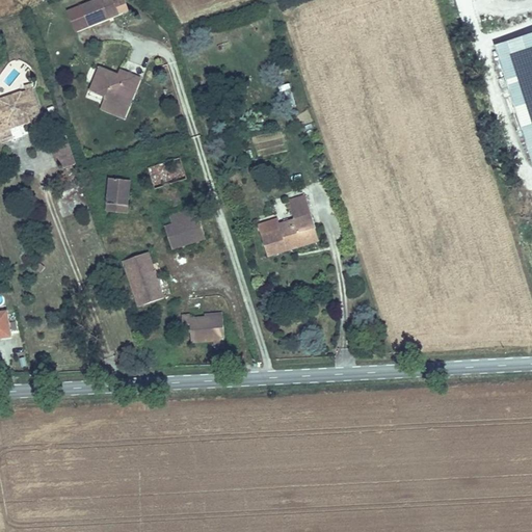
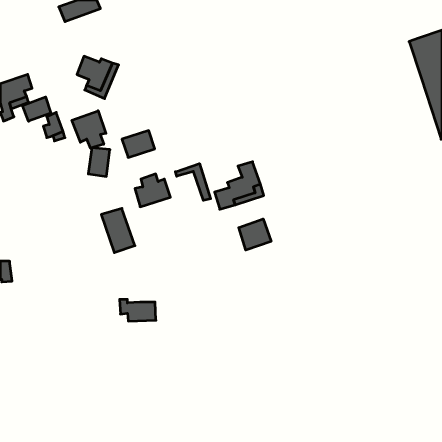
building: none -> [23,97,51,121]
building: none -> [72,111,106,148]
building: none -> [175,164,211,200]
building: none -> [239,219,271,250]
building: [181,314,224,340] -> [120,299,156,321]

